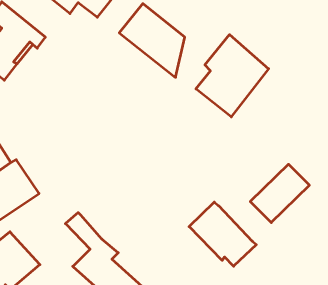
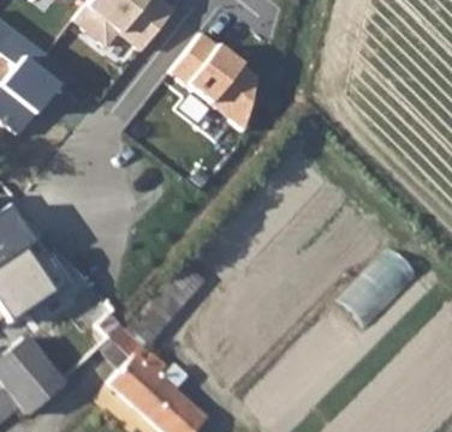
building: [196,35,269,117] -> none
building: [189,202,256,266] -> none

